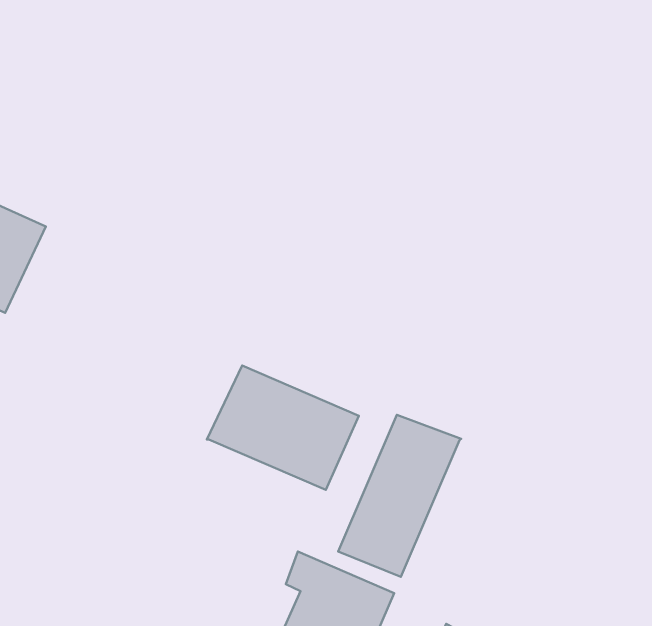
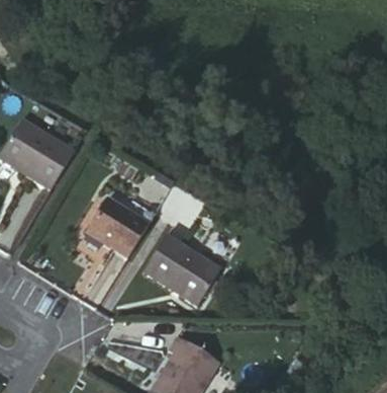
building: none -> [79,200,138,255]
building: [338,415,461,577] -> none

